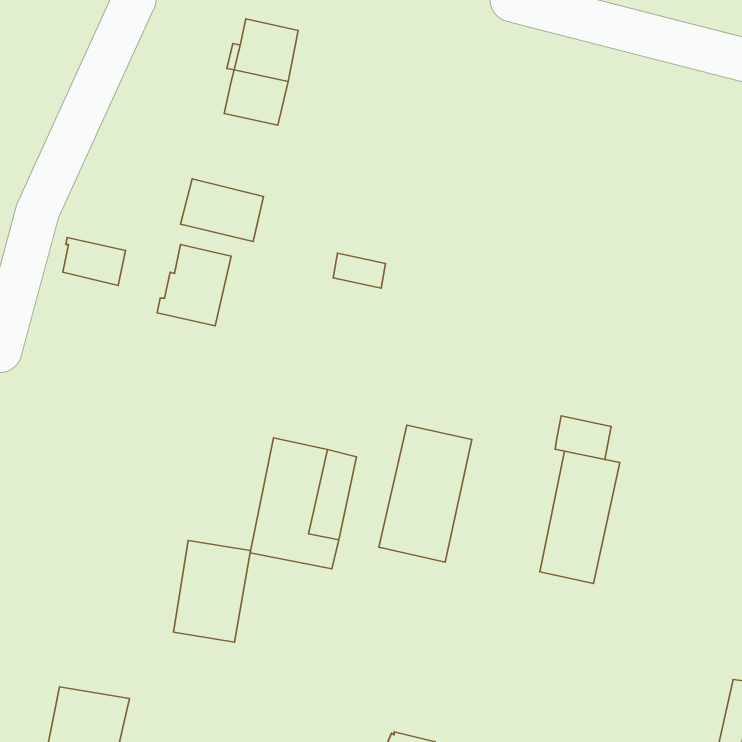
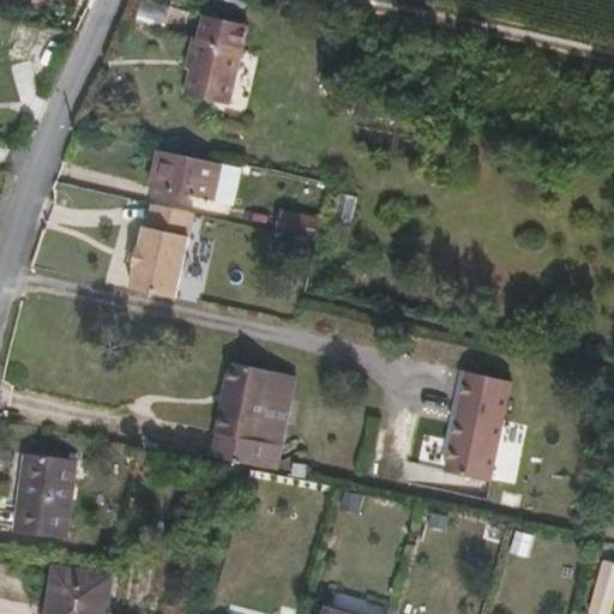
building: [63,237,125,285] -> [127,259,179,299]
building: [555,416,611,460] -> none
building: [379,425,472,562] -> none
building: [174,540,251,642] -> [12,451,76,535]

